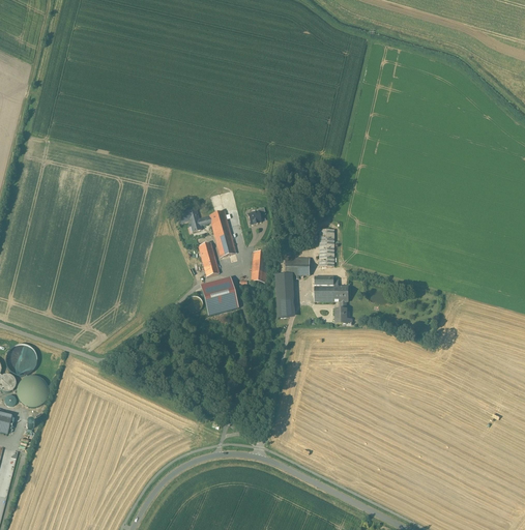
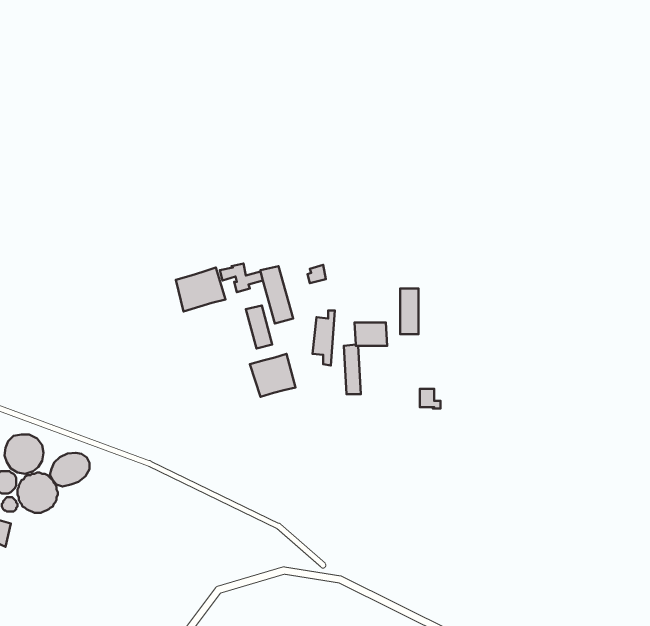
building: none -> [176,267,225,311]
building: [315,275,348,301] -> none
building: none -> [50,453,90,486]

